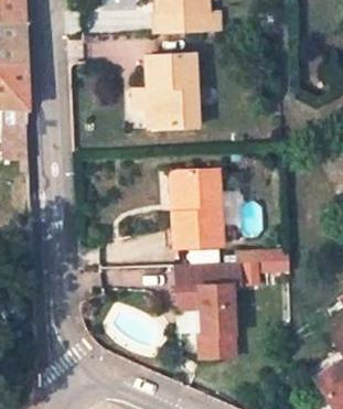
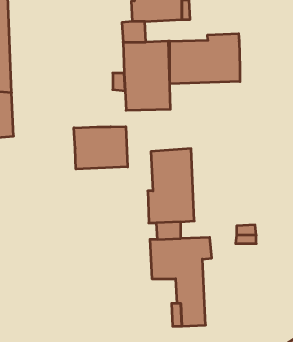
building: none -> [170,34,240,84]
building: none -> [74,127,128,169]

